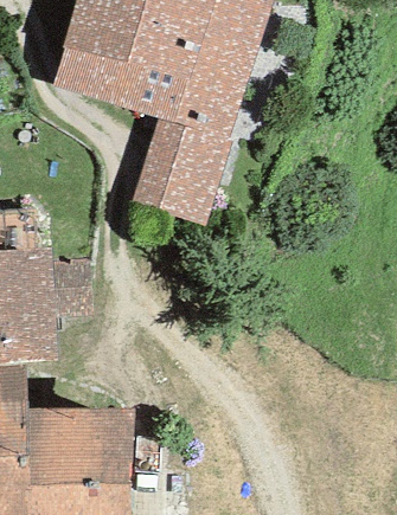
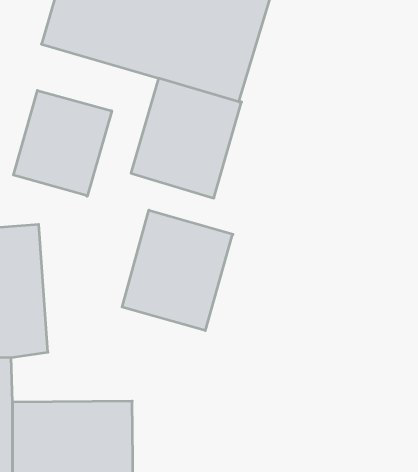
building: none -> [13,90,112,196]
building: none -> [122,210,233,331]

